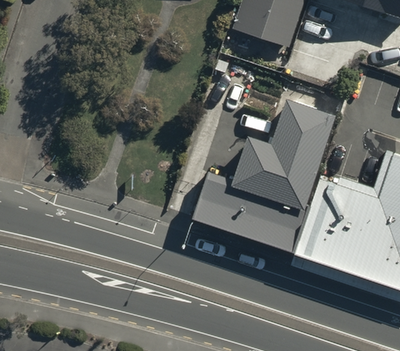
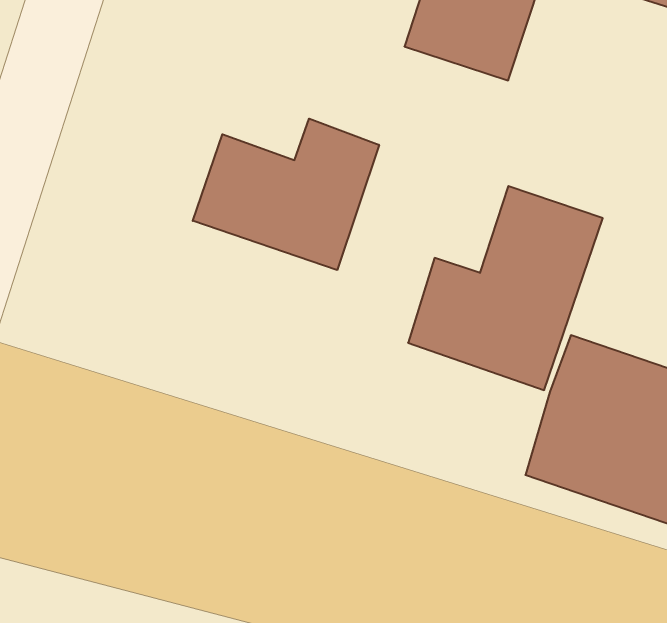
building: none -> [193,119,379,270]
building: [193,178,309,257] -> none

